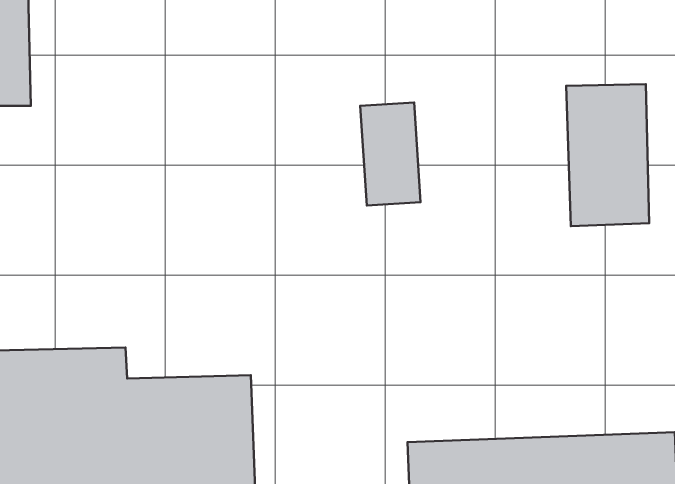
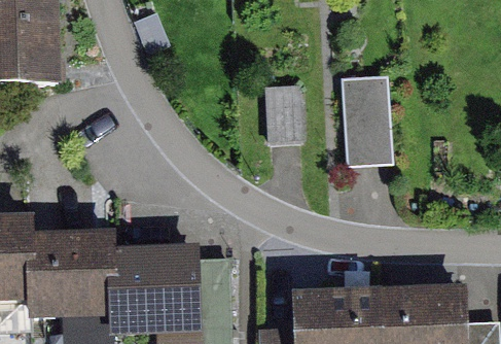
building: [566,84,649,226] -> [341,75,393,165]

